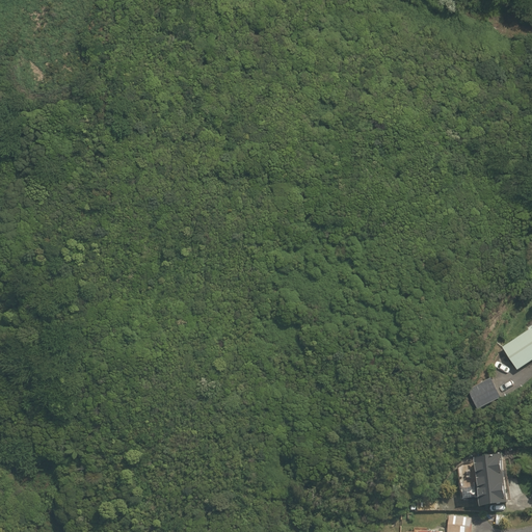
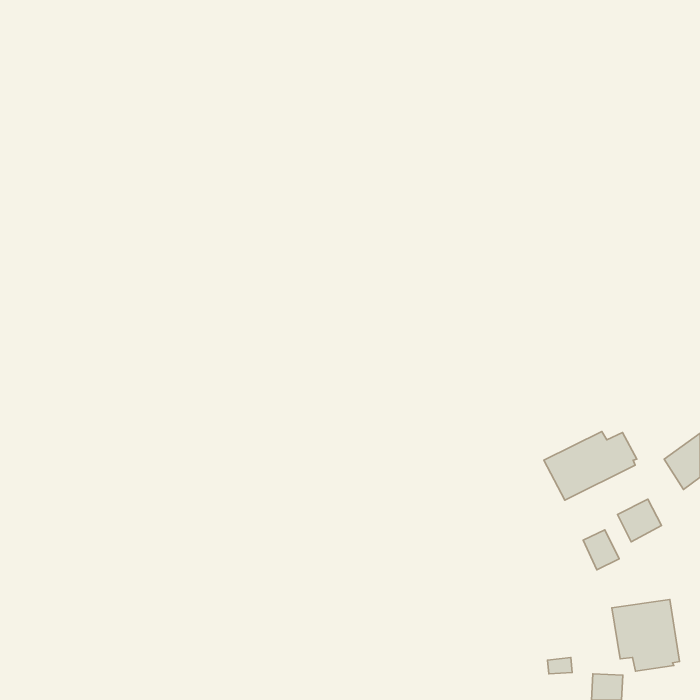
building: none -> [544,432,637,500]
building: none -> [583,530,619,570]

